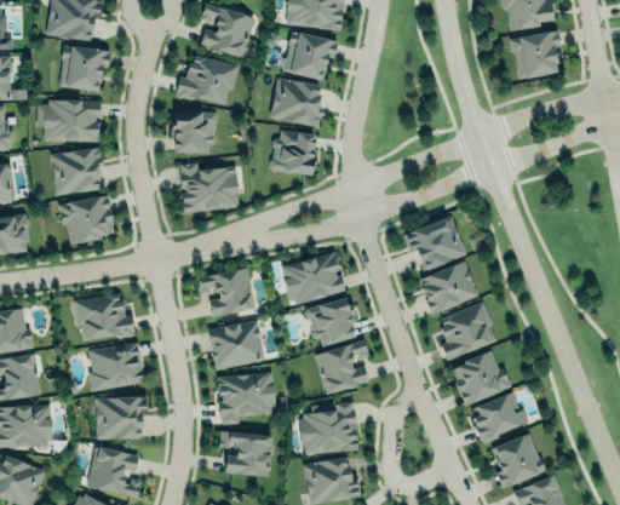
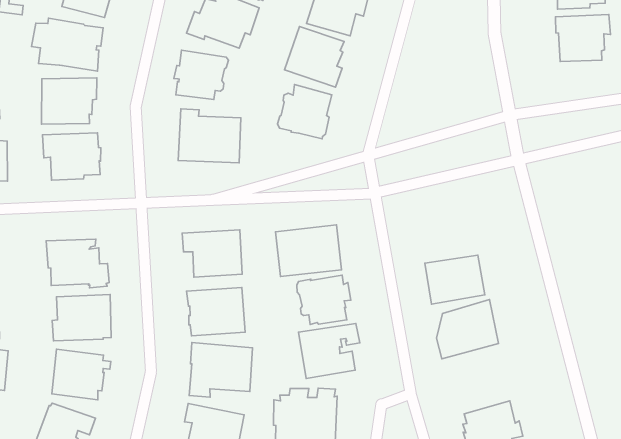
building: [404,217,466,270] -> none
building: [452,349,512,406] -> none

